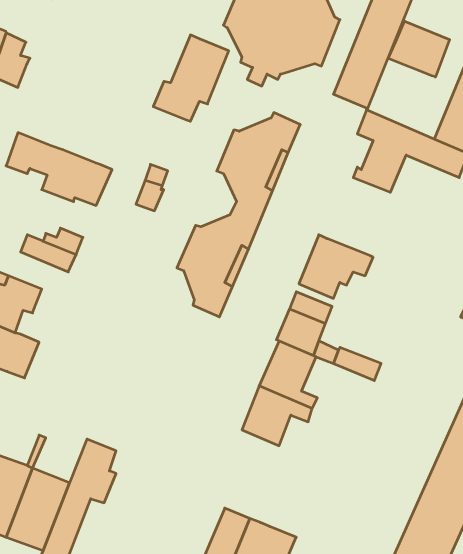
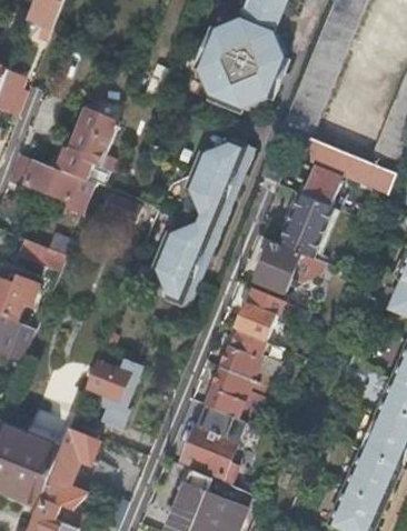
building: [388,21,450,77] -> none
building: [153,35,229,121] -> [56,109,119,181]
building: none -> [277,192,335,258]
building: none -> [86,349,141,427]
building: none -> [182,403,238,484]

